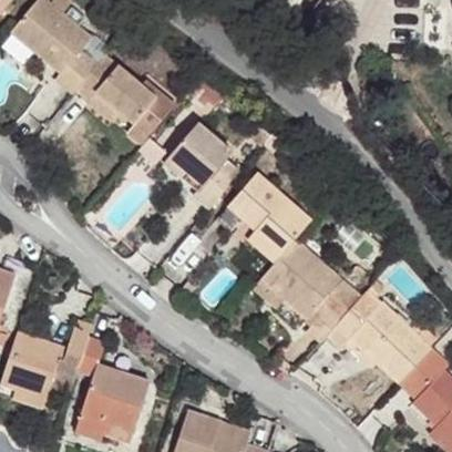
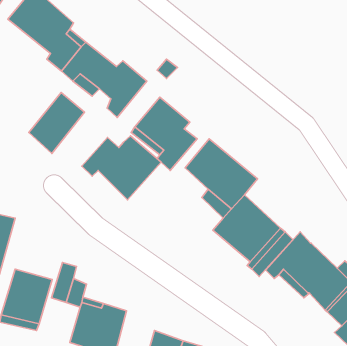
building: none -> [29,92,85,154]
building: none -> [82,136,161,200]

